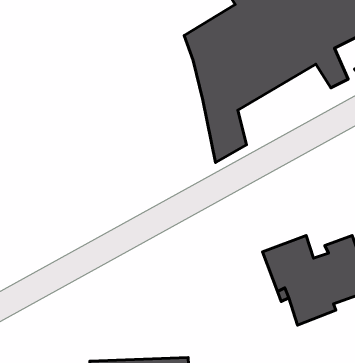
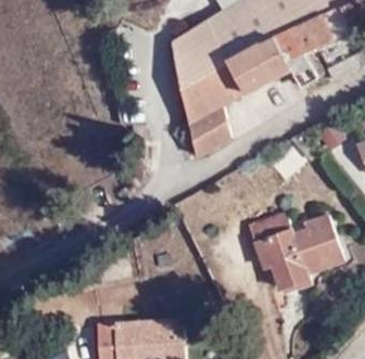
building: none -> [173,39,205,154]

